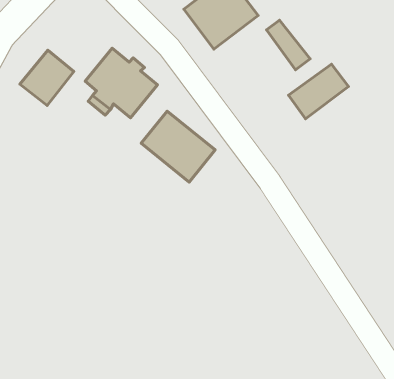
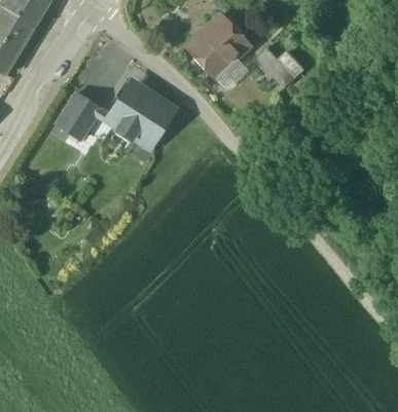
building: [289,64,348,119] -> none
building: [141,111,215,182] -> none

